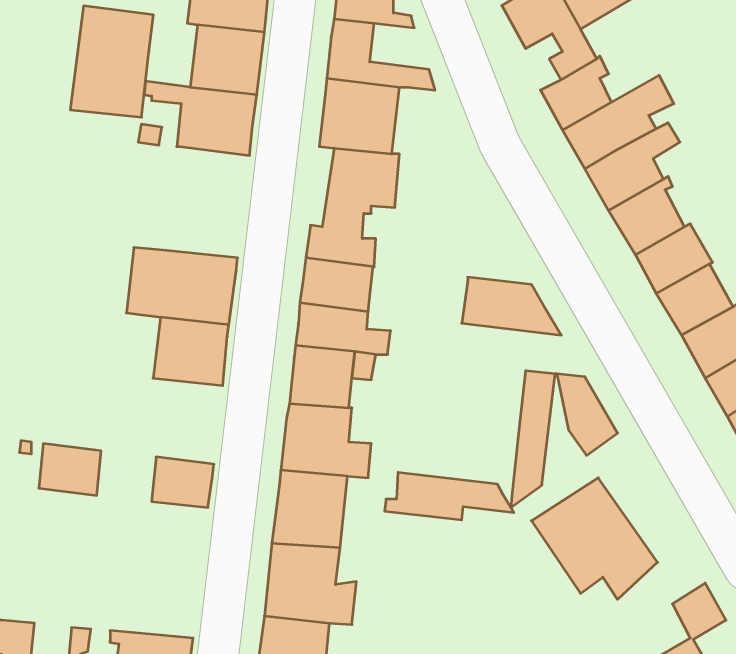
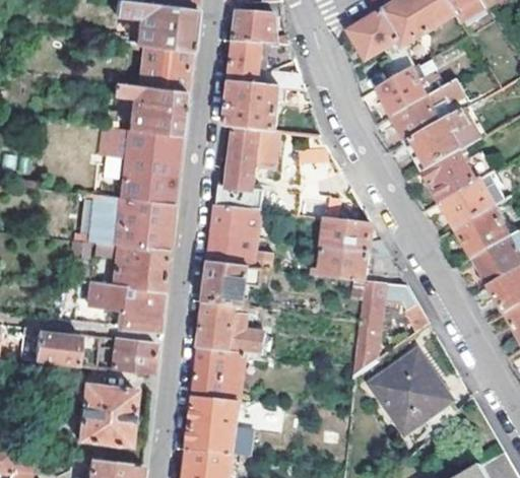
building: [70,6,153,117] -> [120,126,177,202]
building: none -> [87,281,158,329]
building: [385,472,514,520] -> [313,247,401,279]
building: none -> [72,383,140,462]

